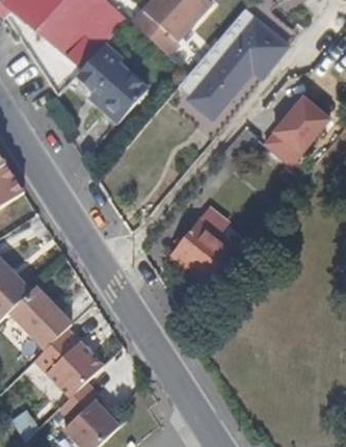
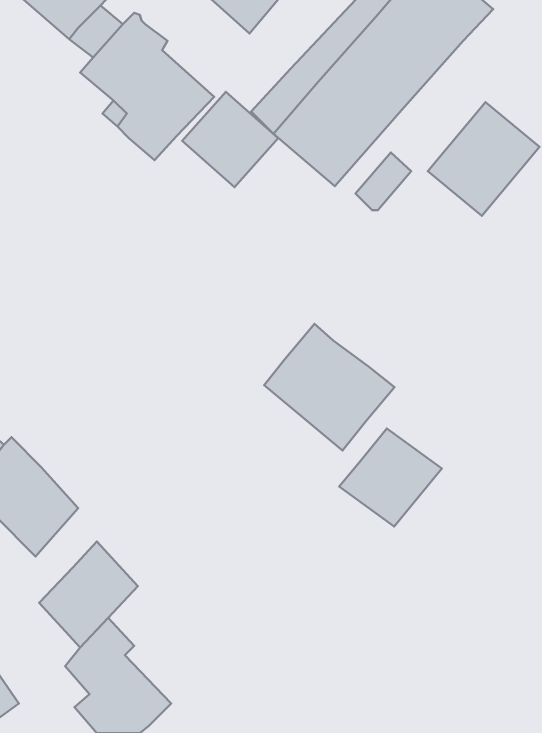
building: none -> [182,92,278,187]
building: none -> [339,428,442,526]

